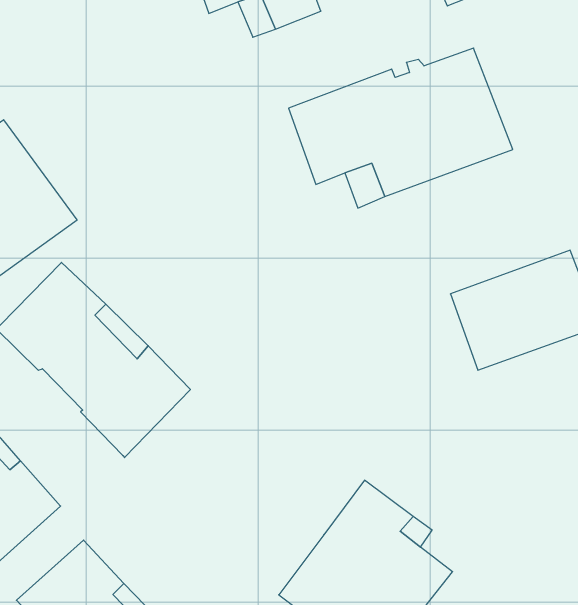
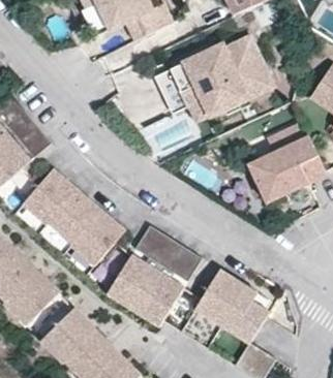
building: none -> [128,221,195,278]
building: none -> [99,249,178,322]

